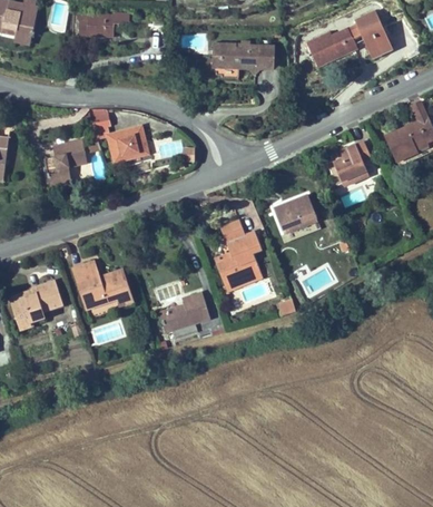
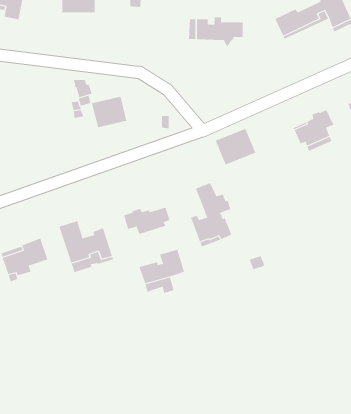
building: [43,140,87,185] -> none
building: [273,194,317,234] -> [215,128,256,165]
building: none -> [124,207,170,235]

